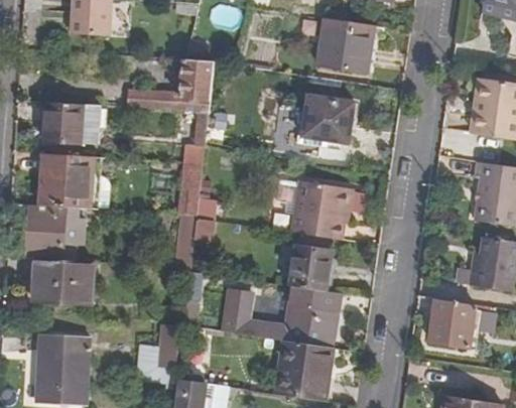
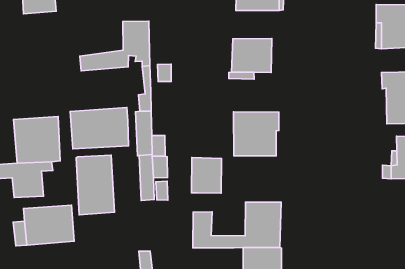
building: [44,103,84,143] -> none
building: none -> [70,107,128,149]
building: none -> [76,155,114,215]
building: [289,245,330,291] -> [192,157,221,193]
building: [432,300,476,347] -> none

